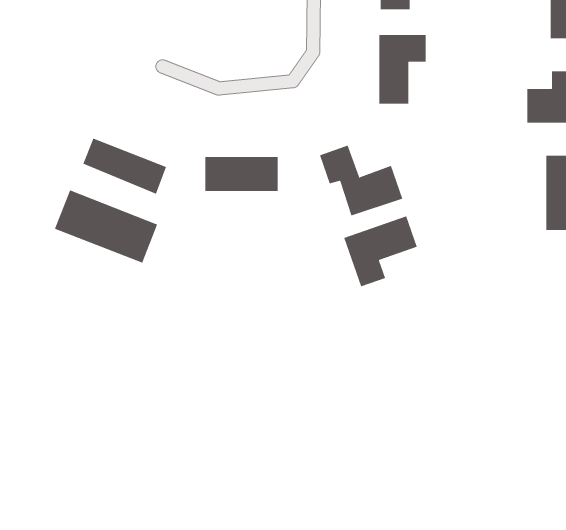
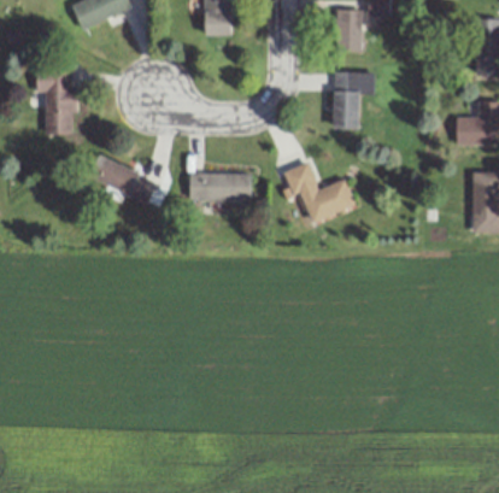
building: none -> [36,71,72,135]
building: [54,190,158,264] -> none
building: [344,215,418,287] -> none

